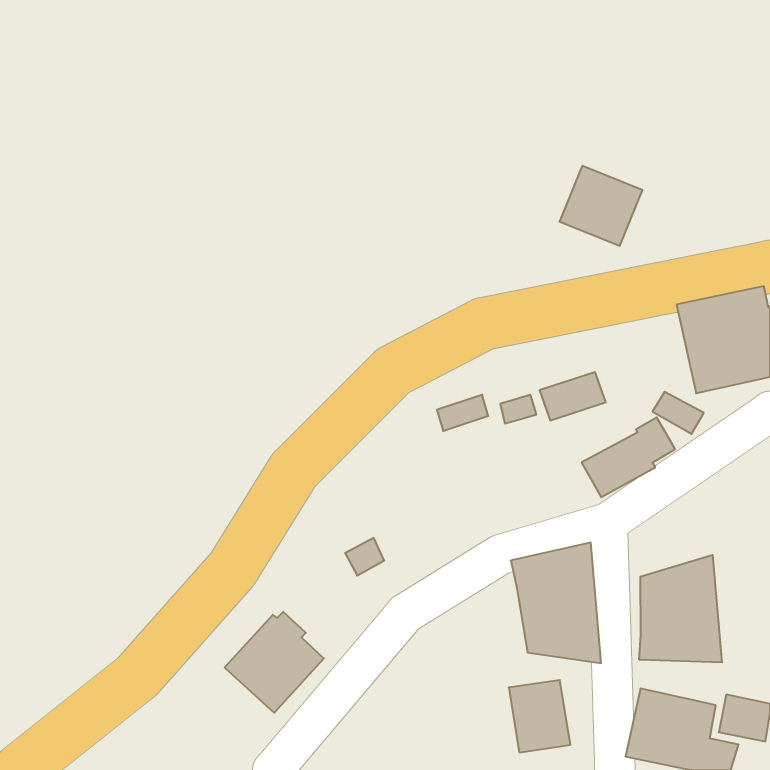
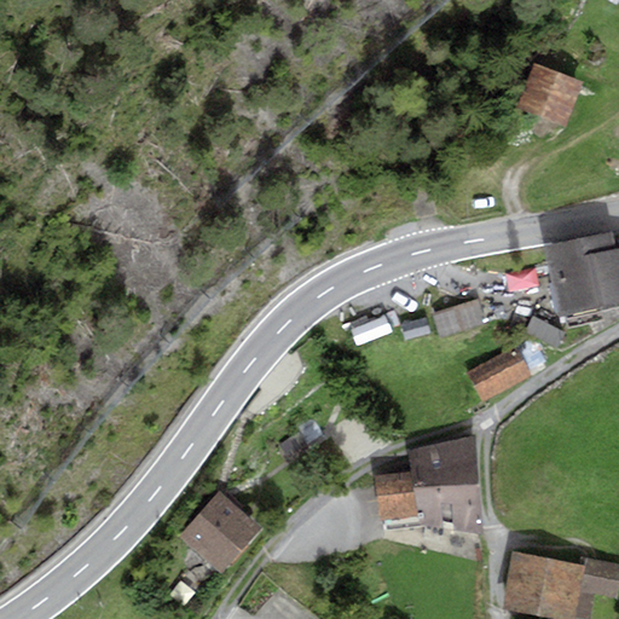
building: [560,166,642,246] -> [517,64,584,128]
building: [639,555,722,662] -> none
building: [509,680,570,752] -> [374,472,423,530]

